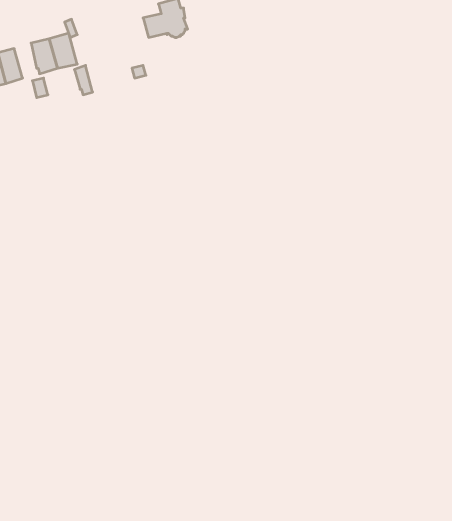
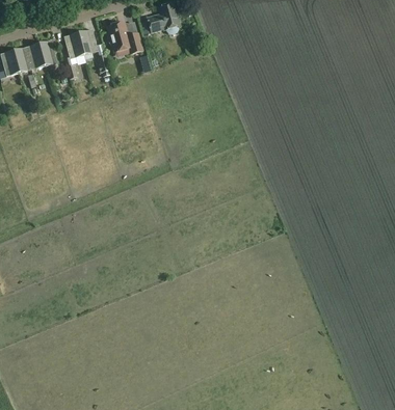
building: none -> [106,22,141,54]

